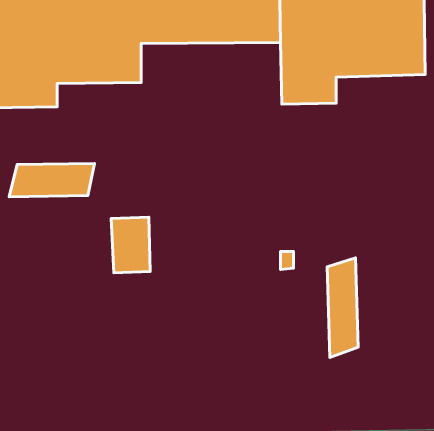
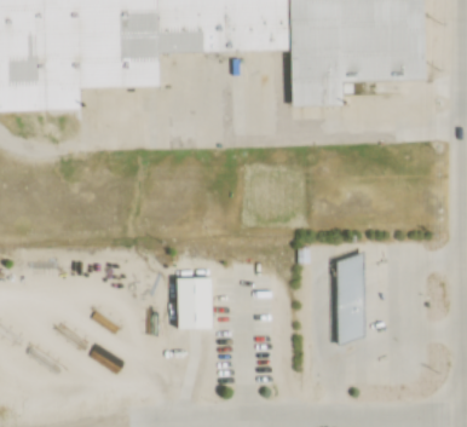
building: [9,163,94,197] -> none
building: [111,217,150,273] -> [169,276,206,328]

